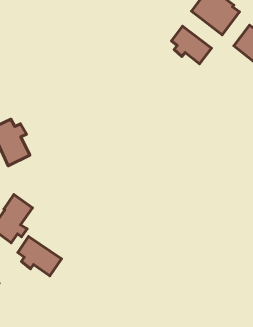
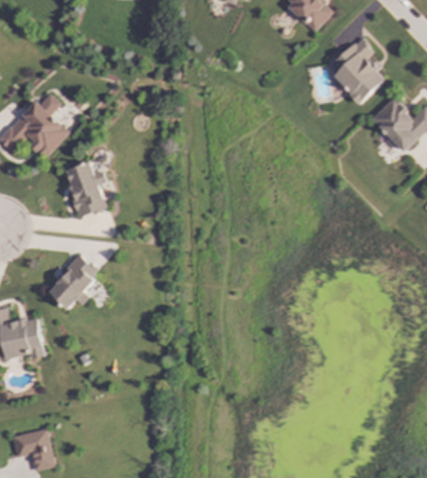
building: [171,26,212,64] -> none
building: [18,237,62,276] -> none

